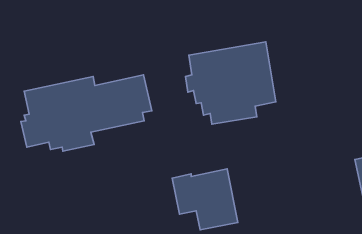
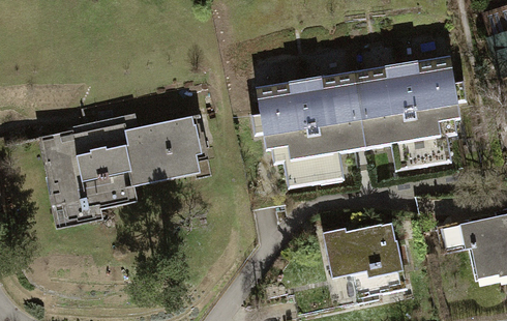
building: none -> [352,58,465,159]
building: [172,169,238,230] -> [322,223,405,299]

